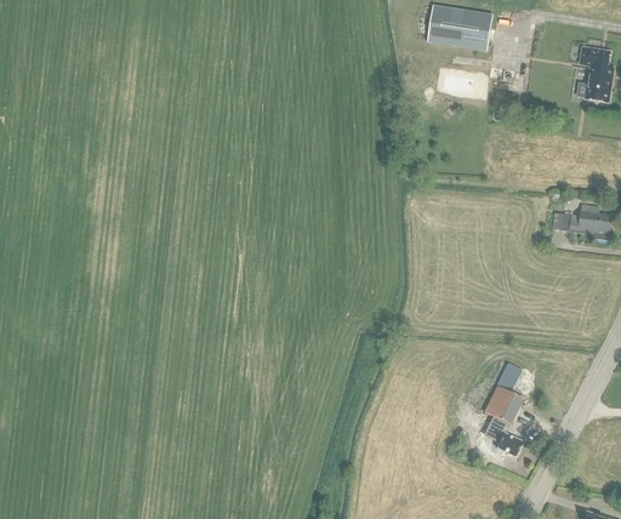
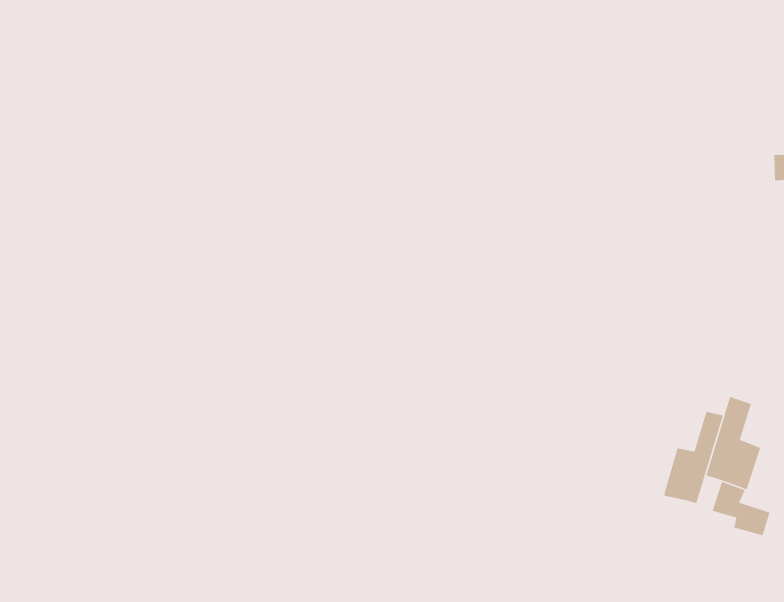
building: none -> [663,411,724,504]

